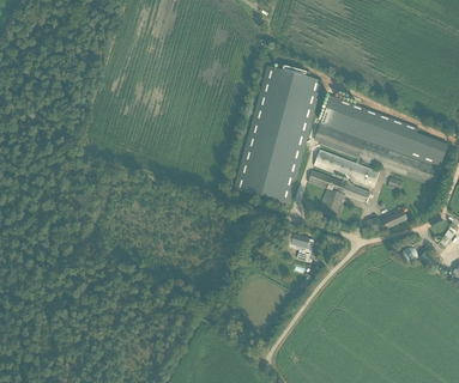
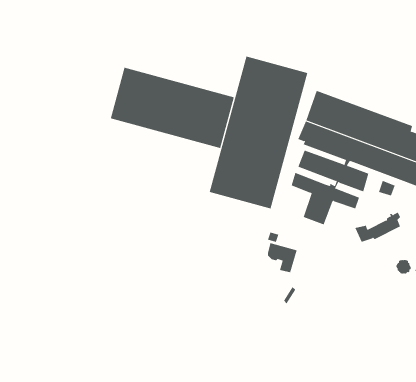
building: none -> [110,67,235,149]

